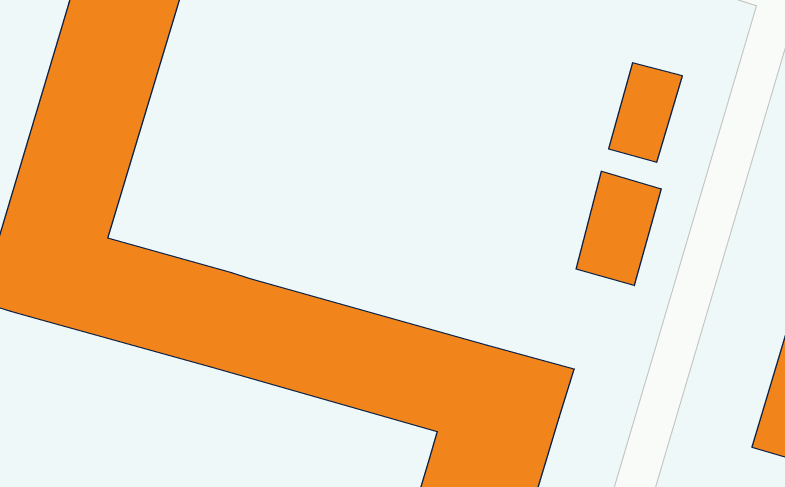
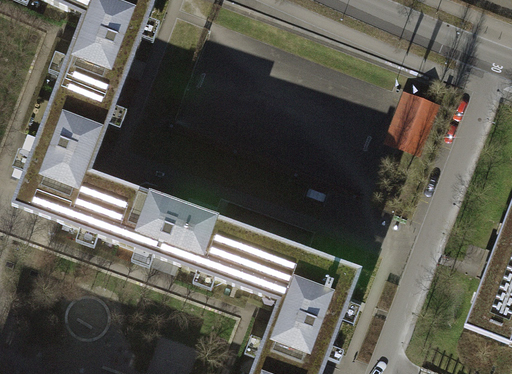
building: [576,171,661,286] -> none

